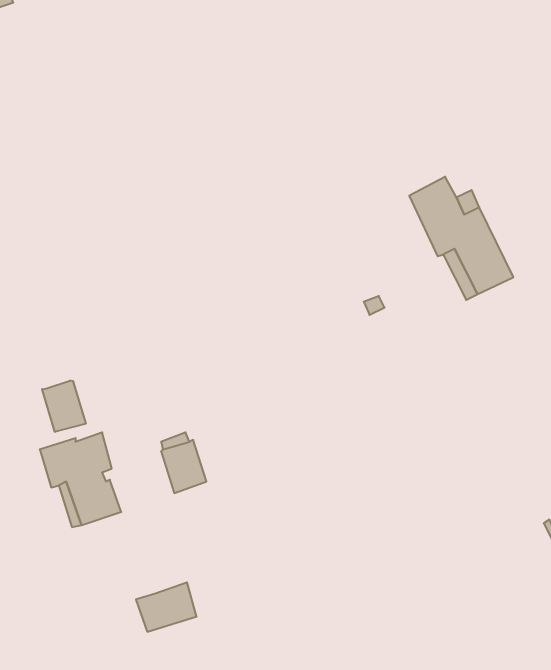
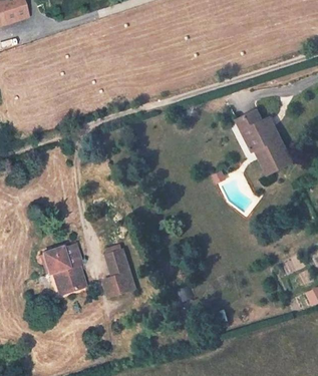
building: [42,380,86,432] -> none
building: [136,582,197,632] -> [103,271,135,297]

